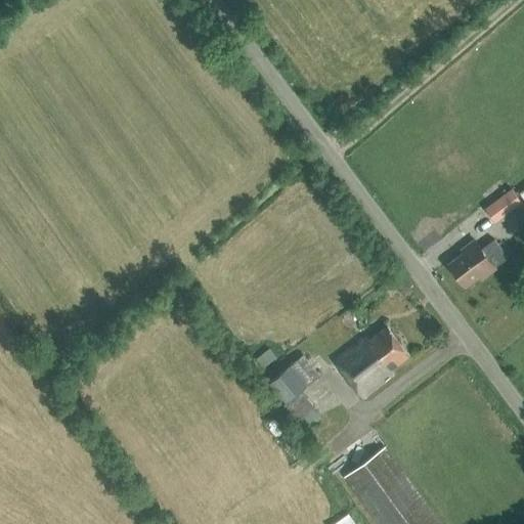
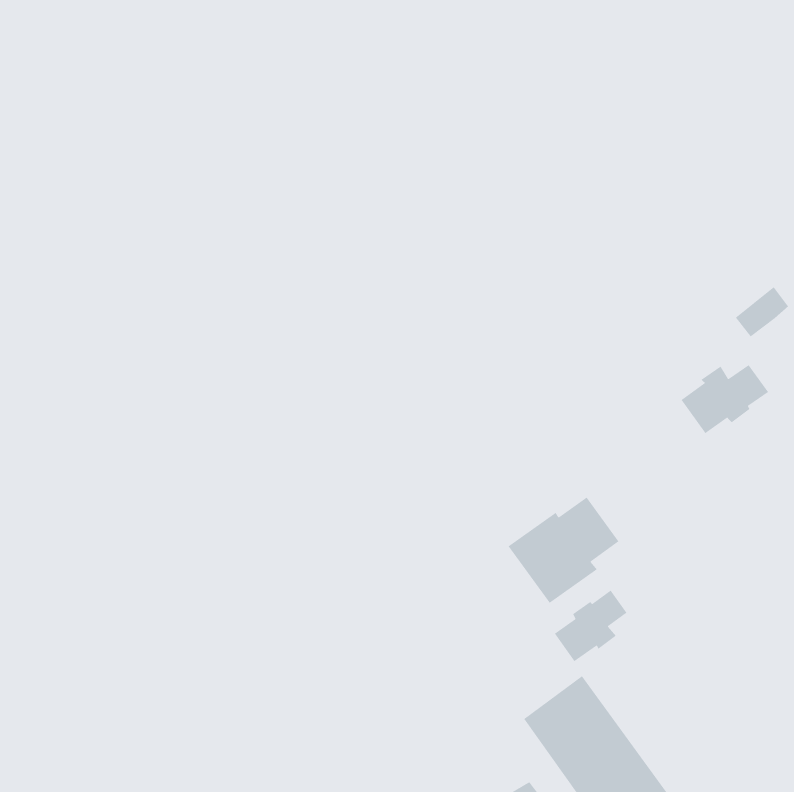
building: [269,358,318,422] -> none
building: none -> [554,589,628,662]

